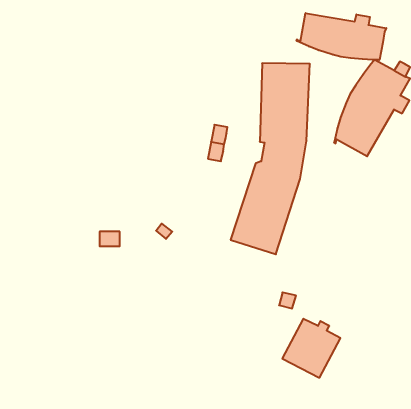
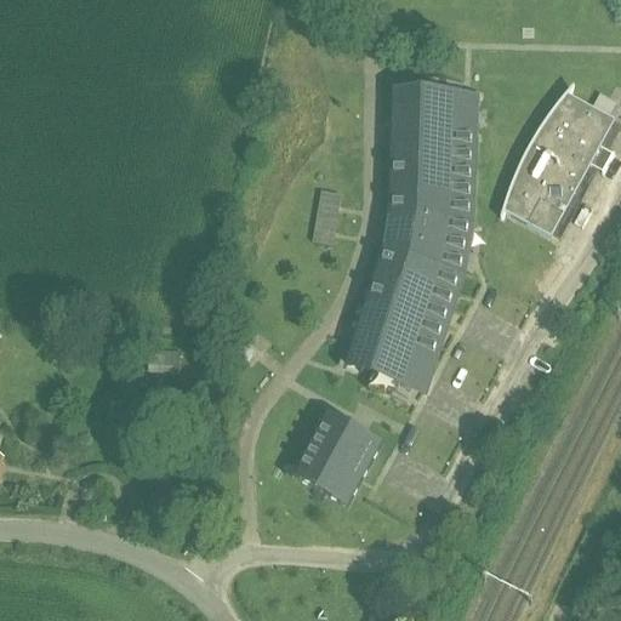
building: [297,13,386,60] -> none
building: [282,319,340,378] -> [297,414,384,502]

